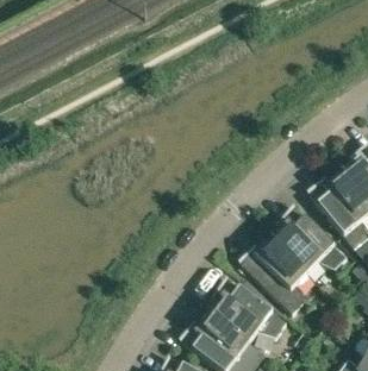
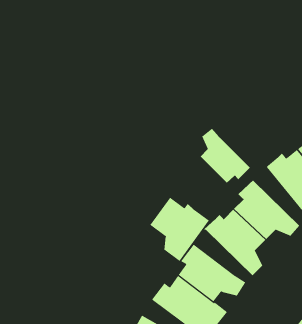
building: none -> [199,128,251,183]
building: none -> [150,197,210,262]

